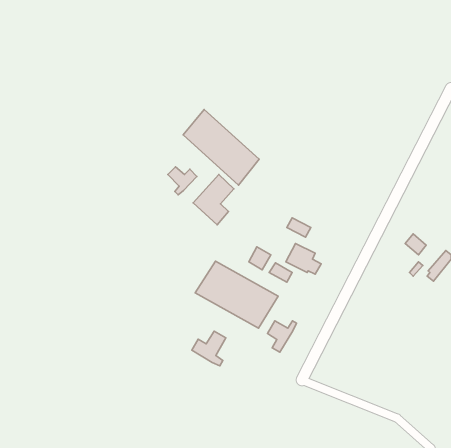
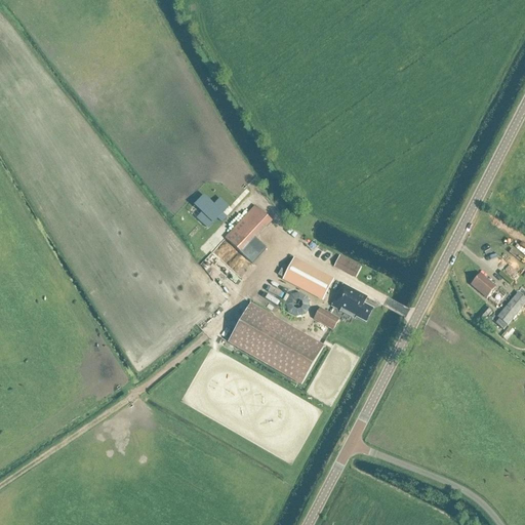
building: [183,110,259,185] -> none
building: none -> [278,258,332,297]
building: [268,321,296,352] -> none
building: [192,331,226,366] -> none

